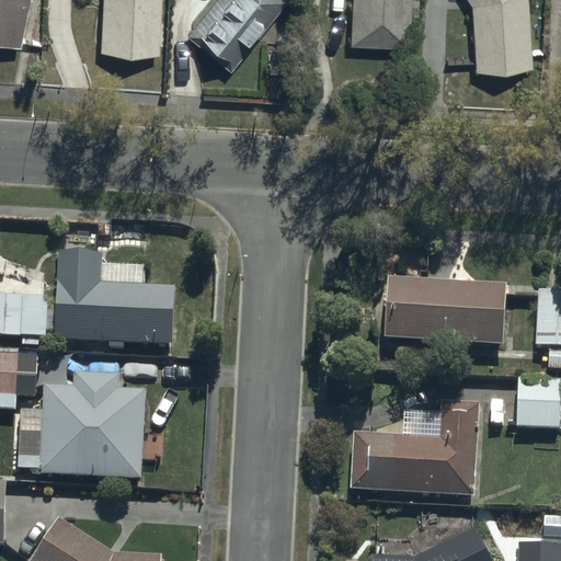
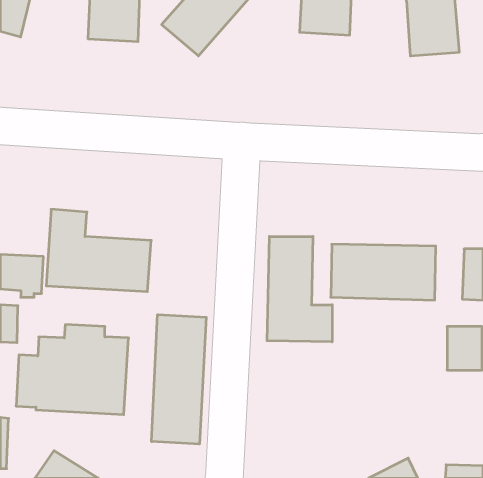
building: none -> [267,236,332,342]
building: none -> [152,315,206,444]
building: [350,402,480,499] -> none

